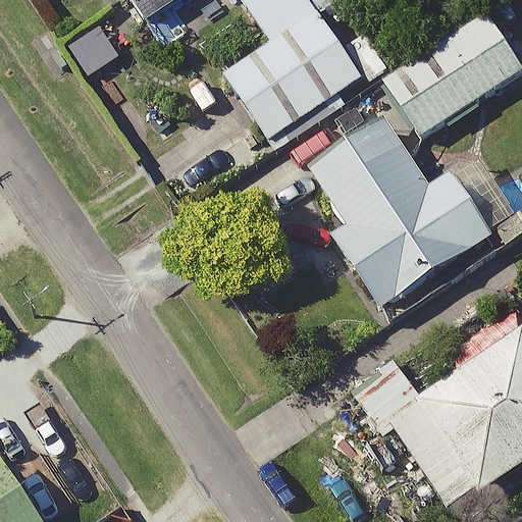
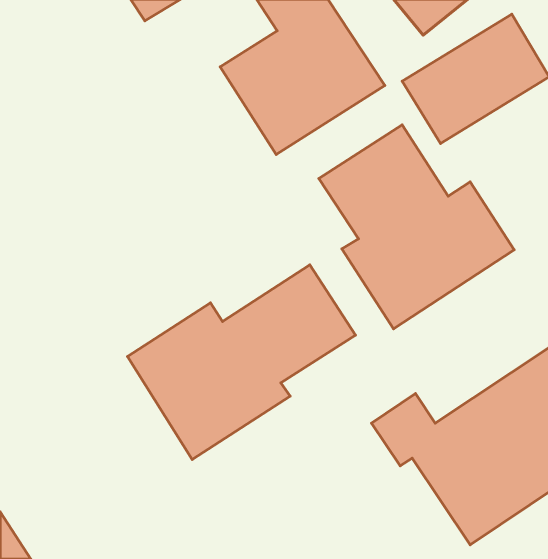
building: none -> [127,265,355,459]

